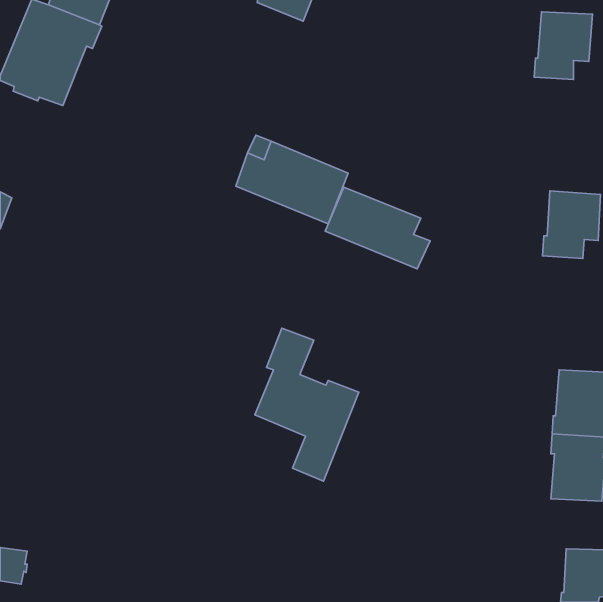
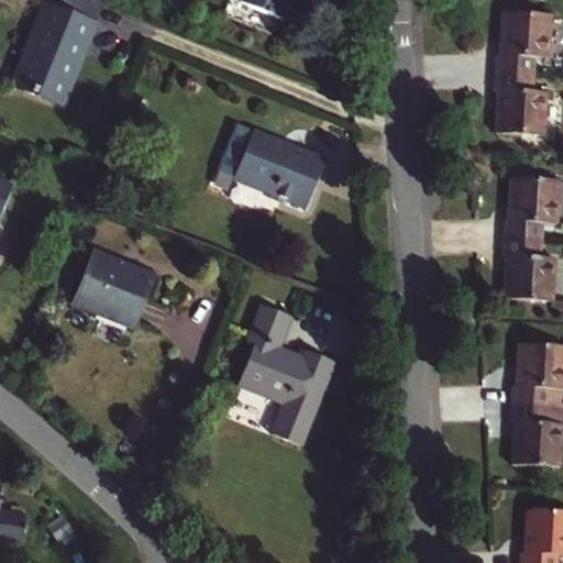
building: none -> [497,71,548,135]
building: [325,187,430,269] -> none
building: none -> [505,238,555,300]
building: none -> [75,250,155,328]

